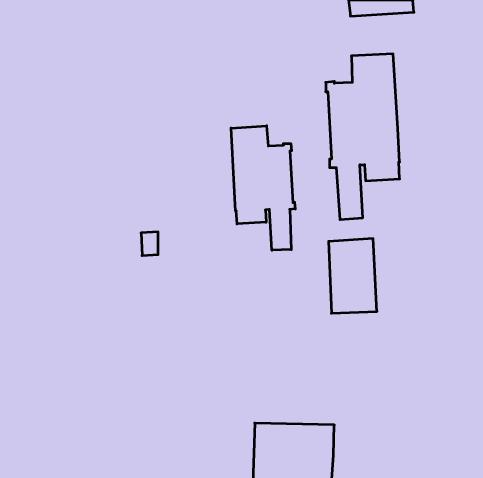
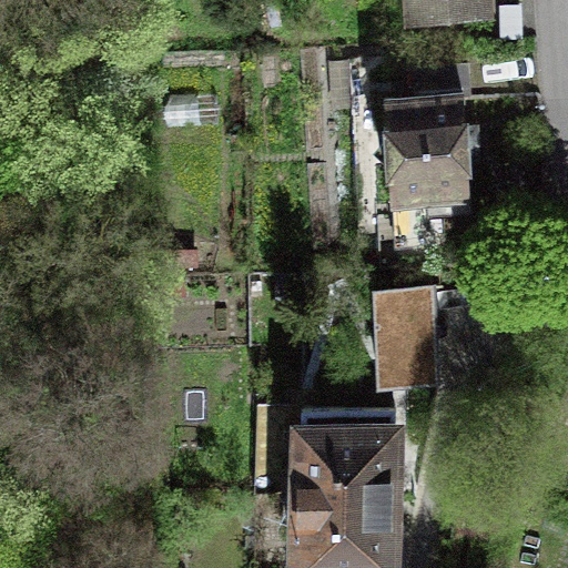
building: [231,126,295,250] -> none
building: none -> [298,410,395,505]

